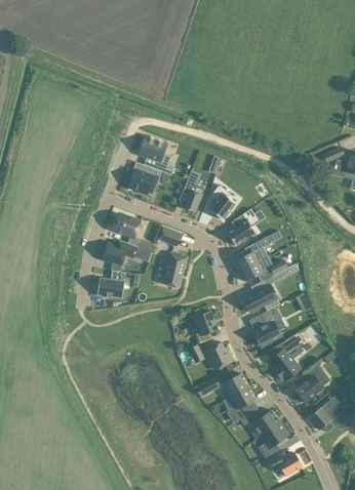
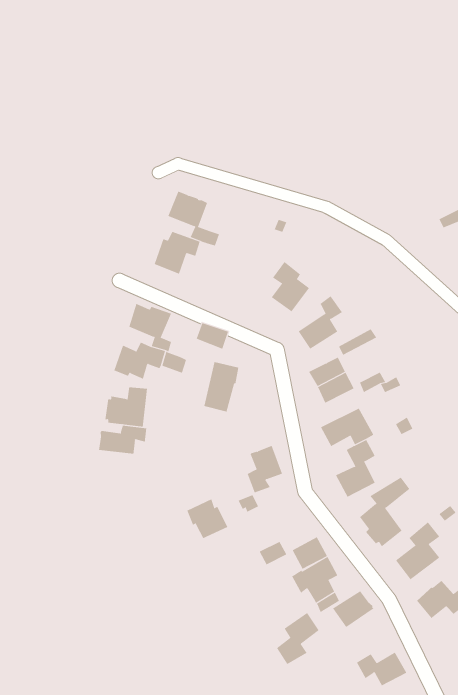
building: [183,171,202,212] -> none
building: none -> [98,425,147,454]
building: [204,341,233,369] -> [186,499,228,539]
building: [259,422,288,458] -> [276,612,320,665]

